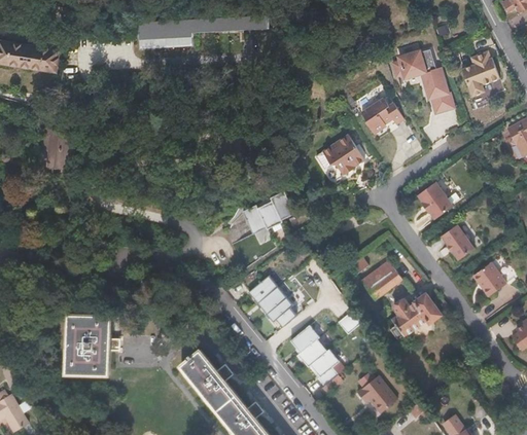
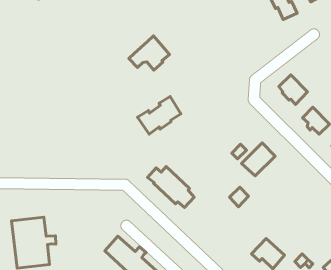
building: [361,98,405,134] -> none
building: [314,135,364,177] -> [129,36,169,70]
building: [390,293,440,340] -> none
building: [290,324,340,397] -> none

